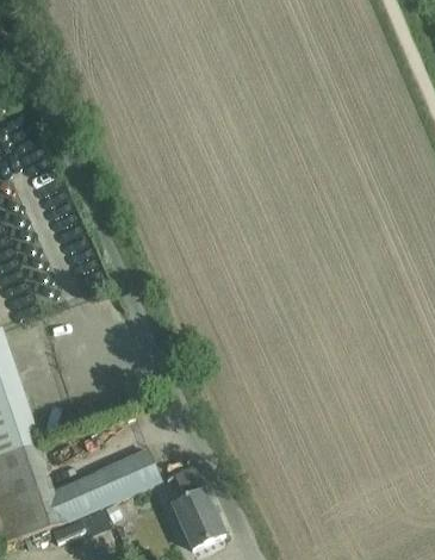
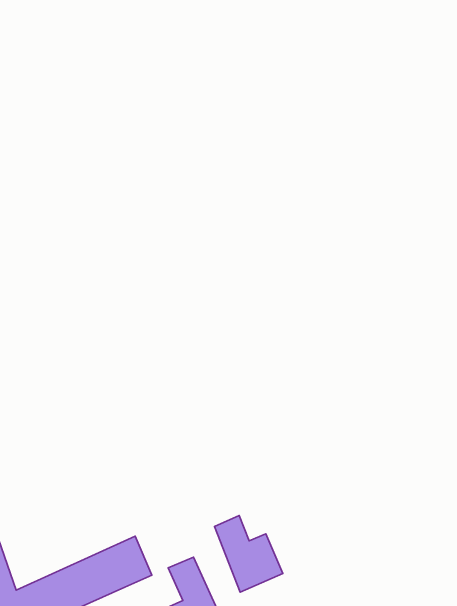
building: none -> [214,515,283,592]

